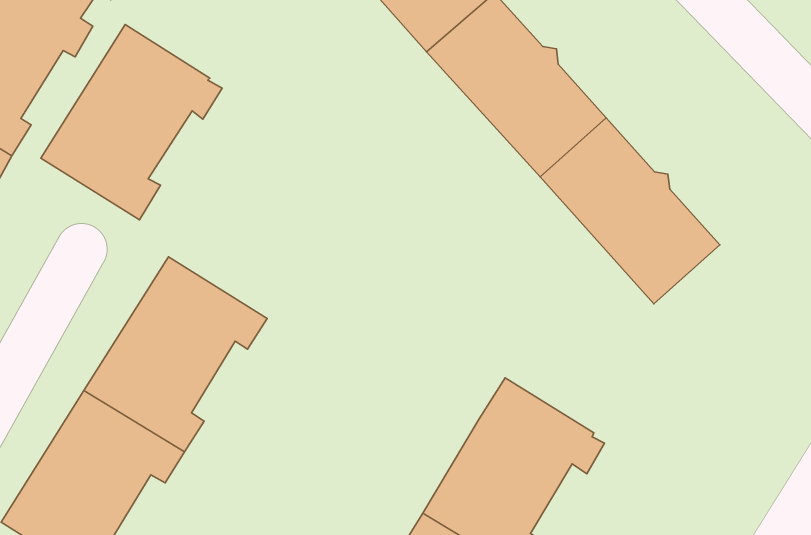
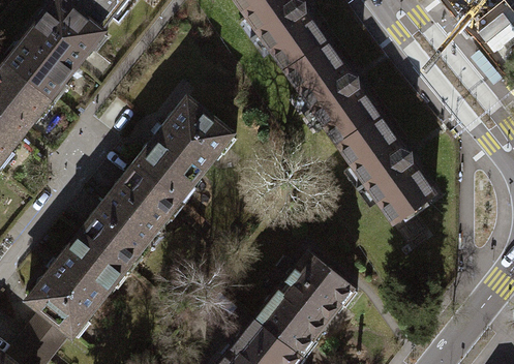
building: [41,25,222,220] -> [131,98,234,205]

